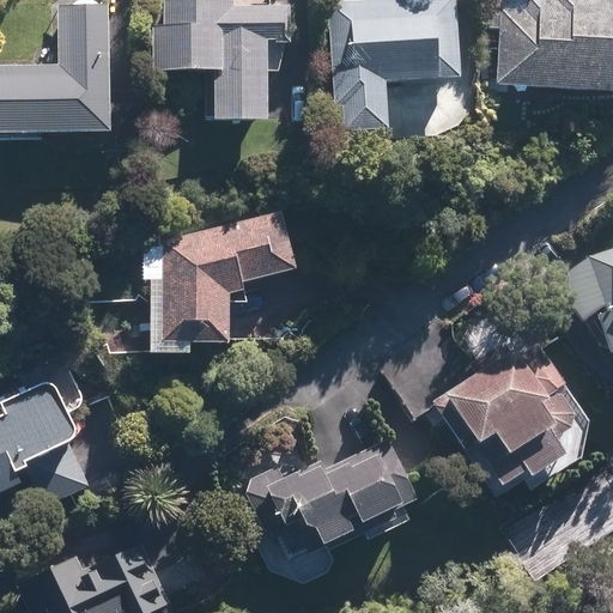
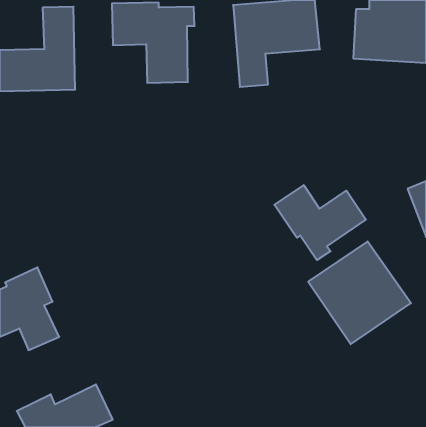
building: [171,219,295,335] -> none
building: none -> [274,185,366,260]
building: [254,438,417,563] -> none

